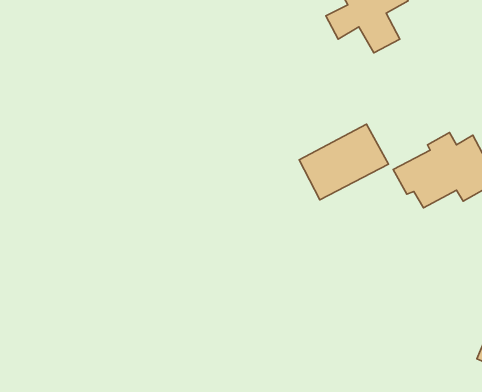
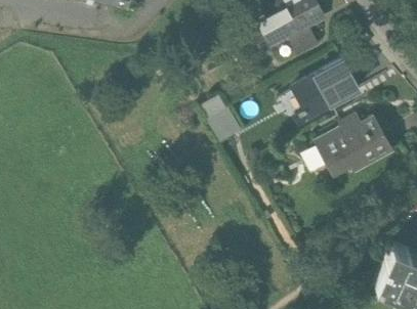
building: [299,124,389,200] -> [292,61,359,118]

